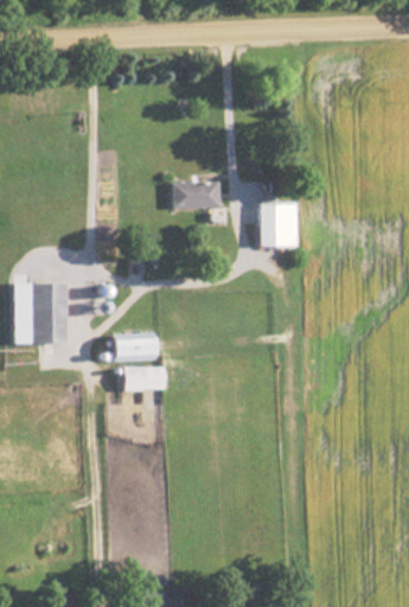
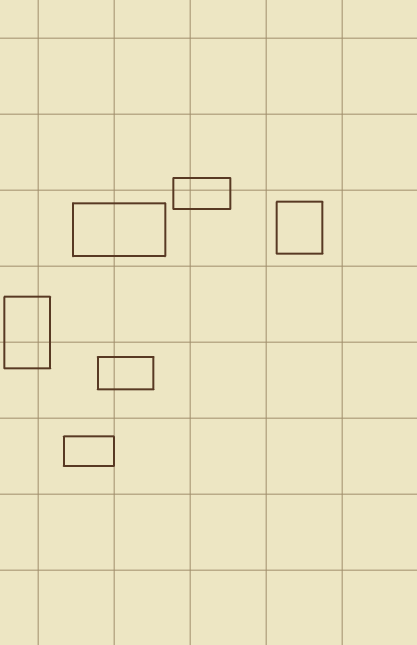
building: none -> [73,203,165,256]
building: [121,366,164,391] -> [64,437,114,466]

